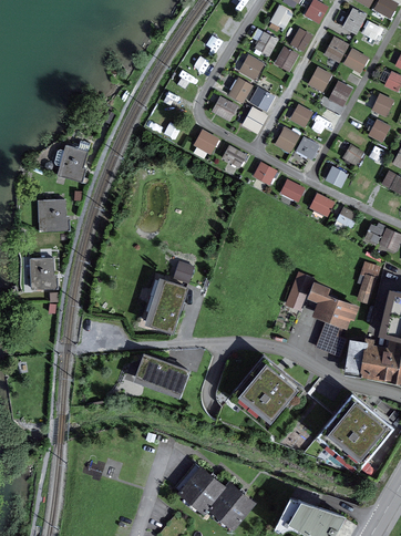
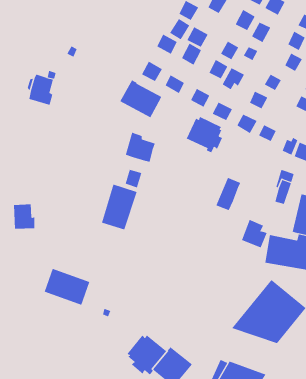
building: none -> [119,79,162,118]
building: none -> [185,116,223,153]
building: [38,199,69,231] -> none
building: none -> [125,132,155,162]
building: [30,258,56,289] -> [13,204,35,229]
building: [306,281,359,330] -> none
building: [226,349,306,429] -> none
building: [133,353,189,399] -> [44,268,90,306]

